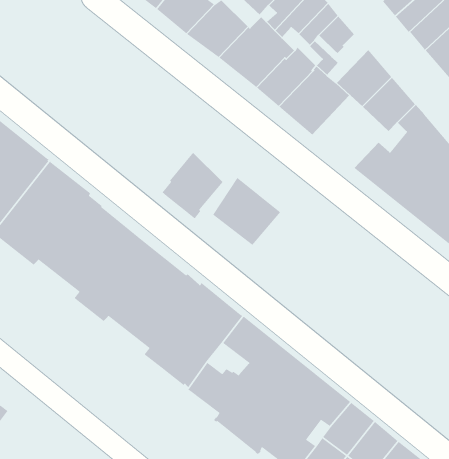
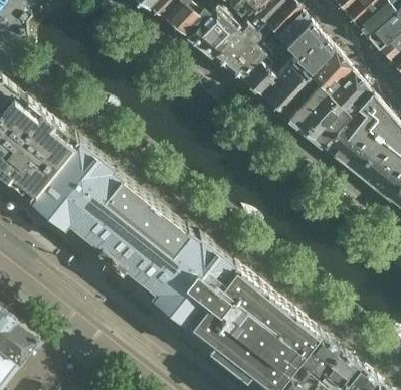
building: none -> [298,37,332,76]
building: none -> [286,86,348,145]
building: [161,152,223,219] -> none
building: [212,177,281,246] -> none

